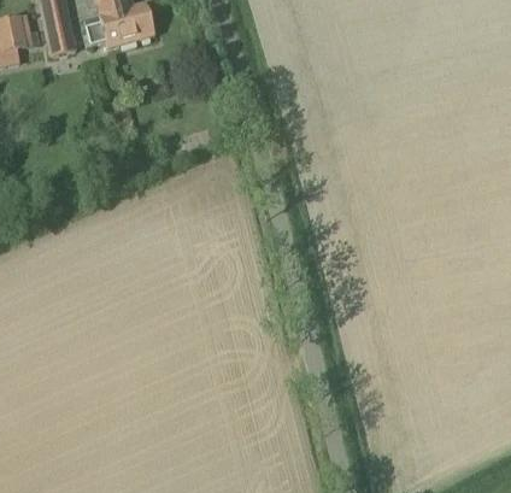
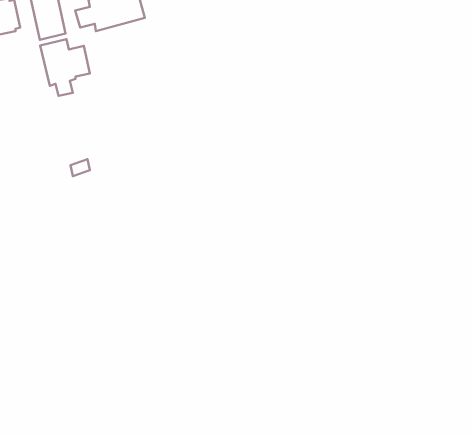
building: none -> [40,39,90,96]

